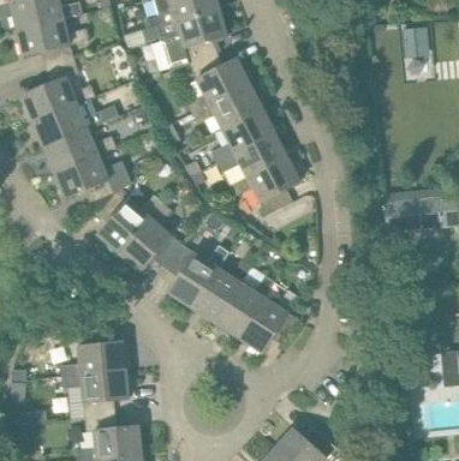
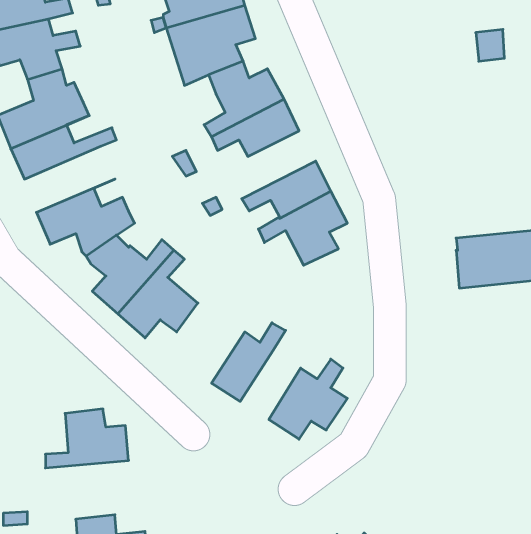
building: [211,108,275,162] -> none
building: [43,120,115,173] -> none
building: [165,245,228,309] -> none
building: [215,276,273,337] -> none
building: [60,370,129,417] -> none

